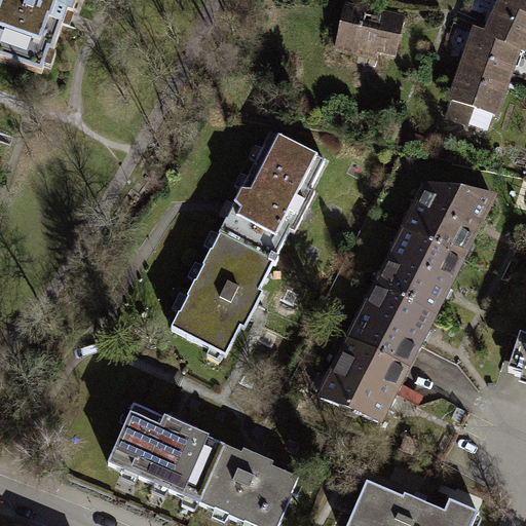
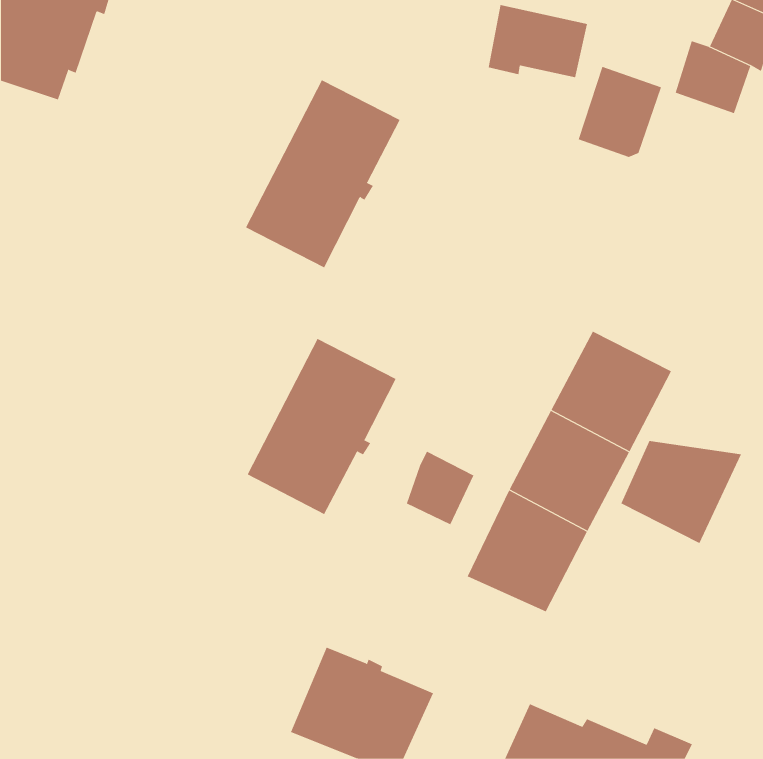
building: [448,64,505,126] -> [578,66,662,158]
building: [219,130,326,260] -> [245,79,401,268]
building: [408,184,491,255] -> [621,441,742,544]
building: none -> [406,451,474,525]
building: [109,404,225,502] -> none

